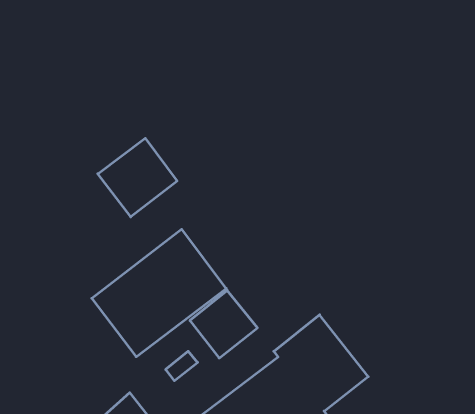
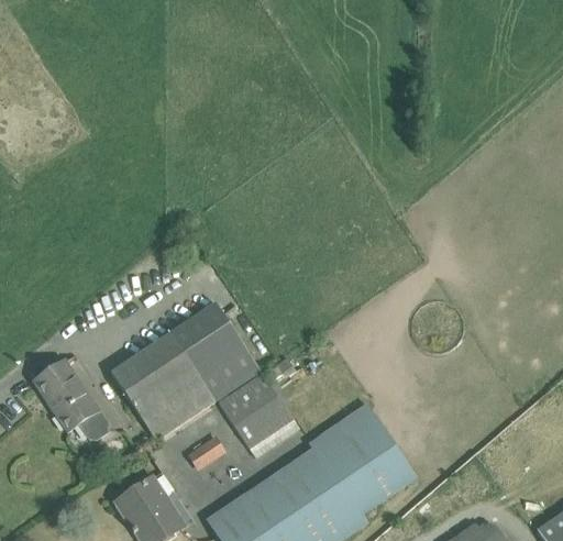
building: [98,138,177,217] -> none
building: none -> [34,360,110,439]

